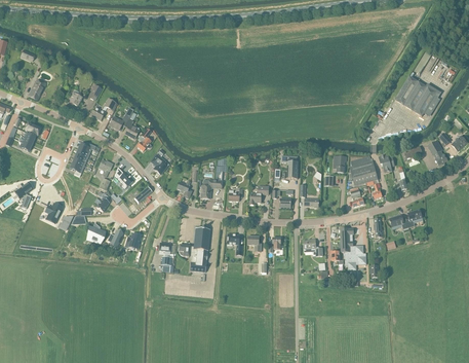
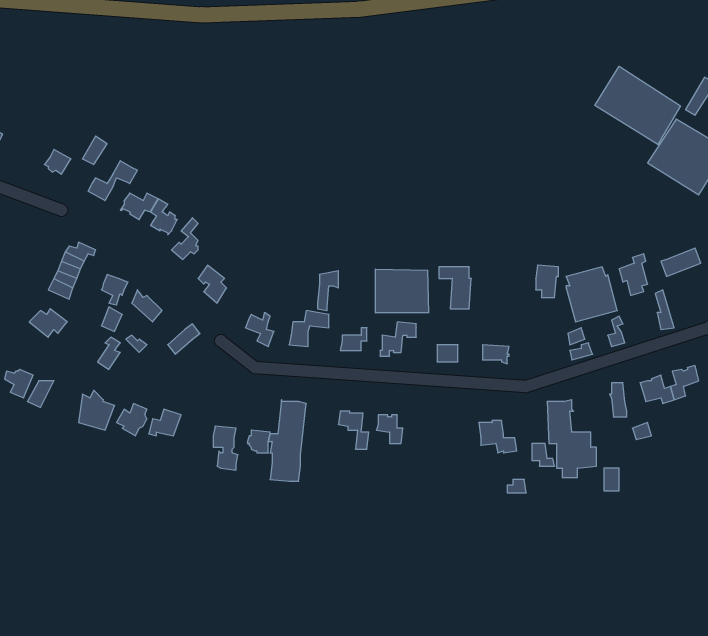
building: none -> [595,66,680,145]
building: none -> [376,269,429,313]

